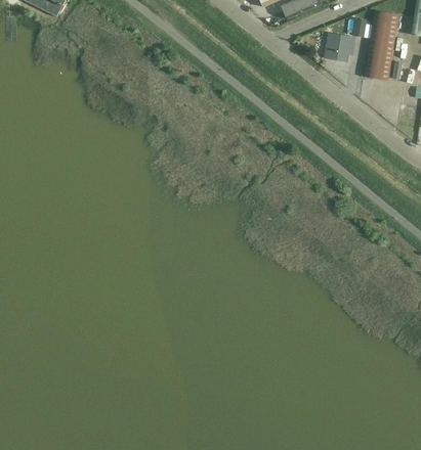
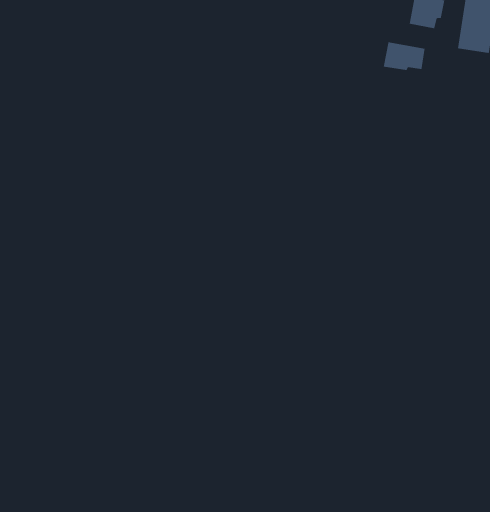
building: none -> [383,41,425,71]

